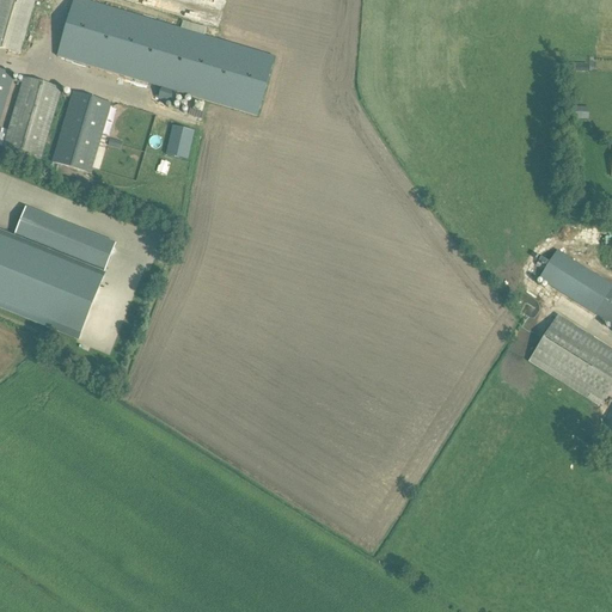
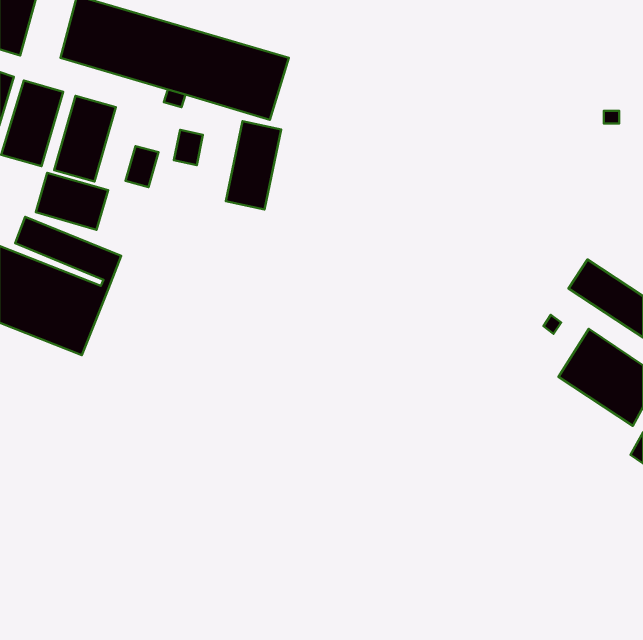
building: none -> [226,121,281,210]
building: none -> [126,146,158,187]
building: none -> [36,173,108,230]

